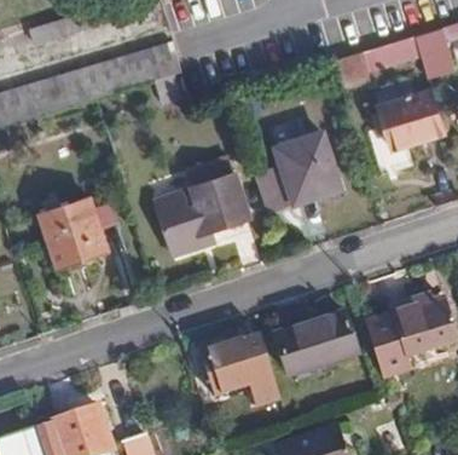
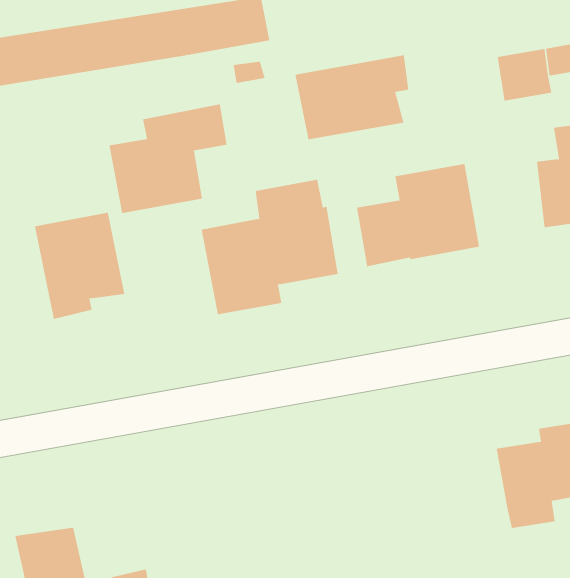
building: none -> [295,54,409,140]
building: none -> [109,104,227,214]
building: [277,311,358,373] -> none
building: [203,334,282,407] -> none

